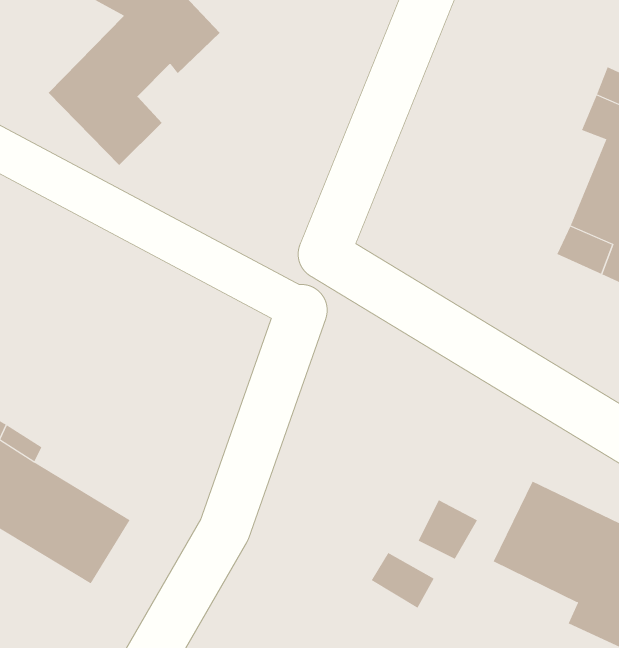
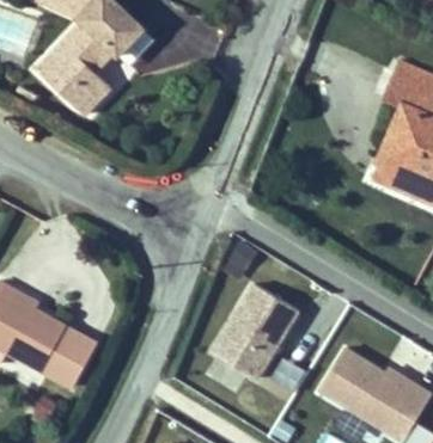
building: none -> [222,273,309,369]

